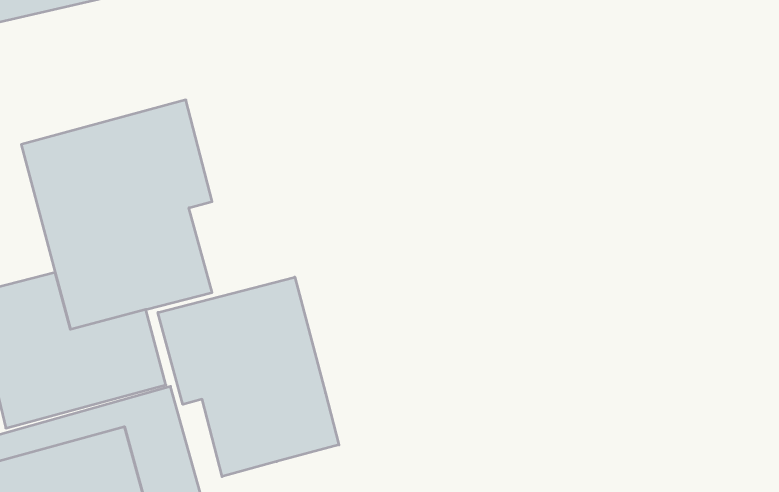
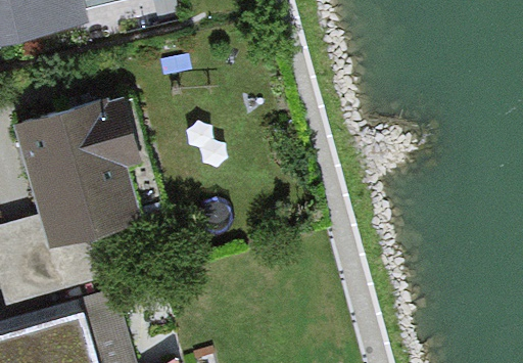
building: [158,277,339,477] -> none

